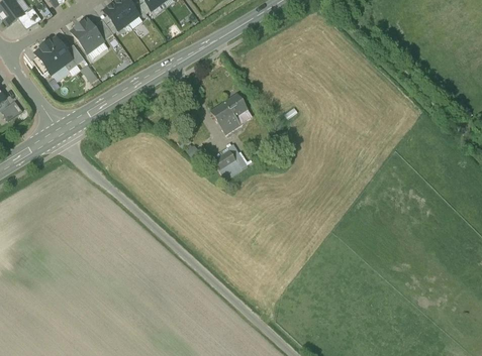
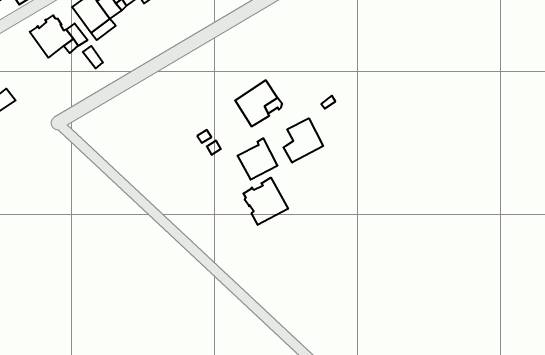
building: none -> [283,118,323,163]
building: none -> [243,178,288,225]

